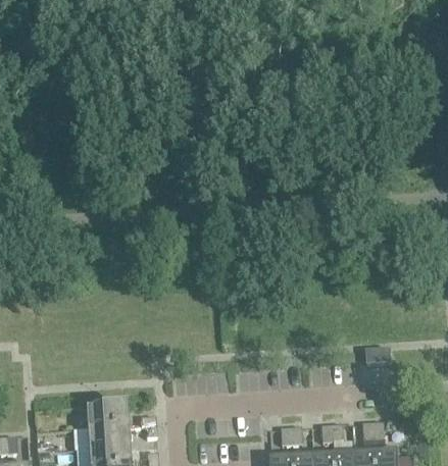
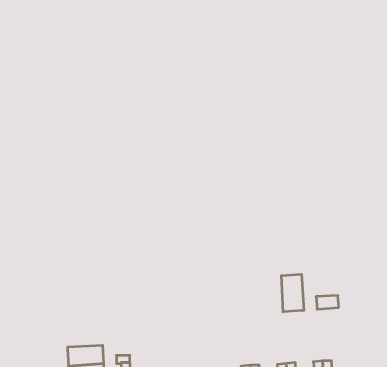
building: none -> [281,274,304,312]

